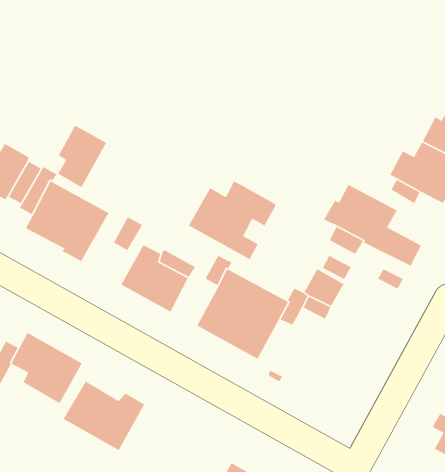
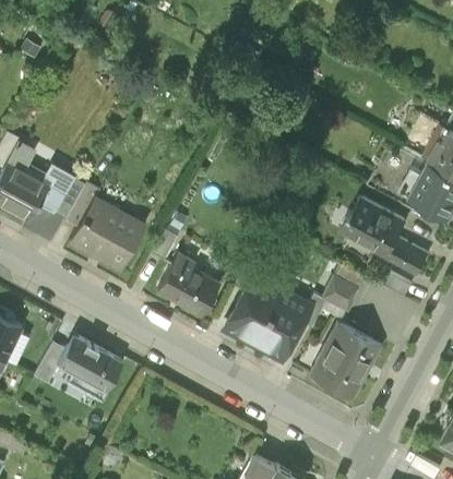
building: [57,124,107,188] -> none
building: [188,180,277,260] -> none
building: none -> [308,323,382,400]
building: [63,381,145,451] -> none

